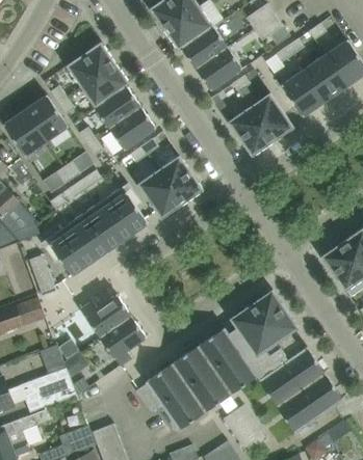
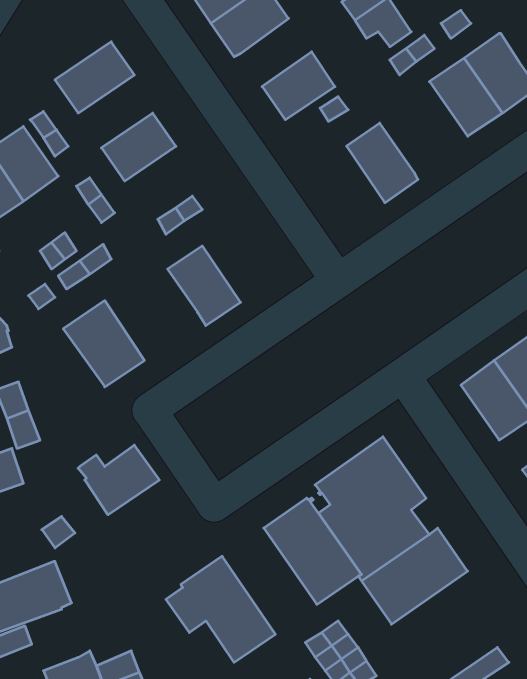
building: [182,28,227,71] -> none
building: [80,63,130,109] -> none
building: [279,67,325,117] -> none
building: [109,108,155,151] -> none
building: [227,108,273,158] -> none
building: [158,156,203,206] -> none
building: [97,184,148,242] -> none
building: [41,222,97,276] -> none
building: [99,317,146,366] -> none
building: [171,347,230,413] -> none
building: [277,374,343,434] -> none

